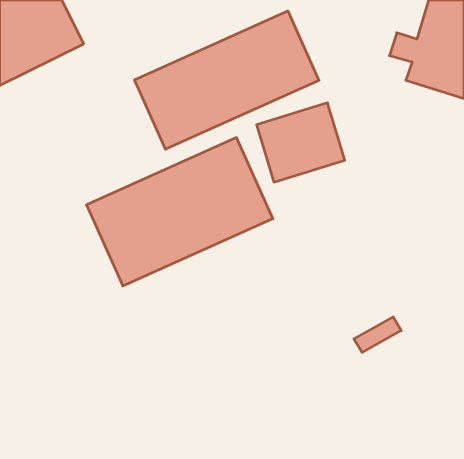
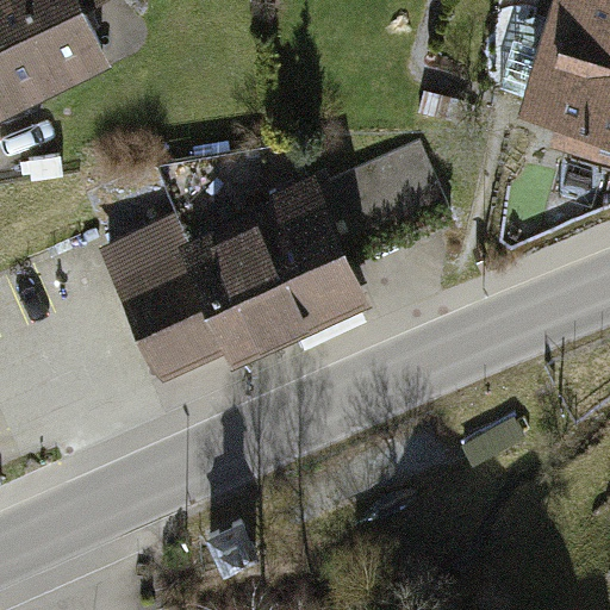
building: [135,11,319,149] -> none

